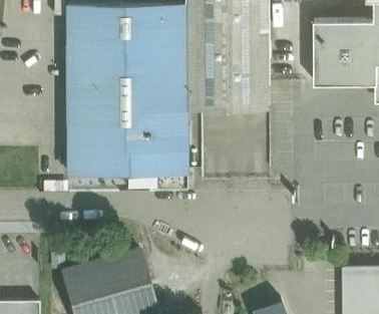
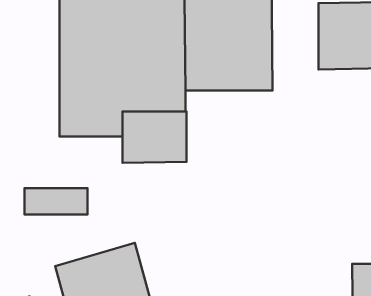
building: [67,148,127,174] -> [25,188,88,214]

